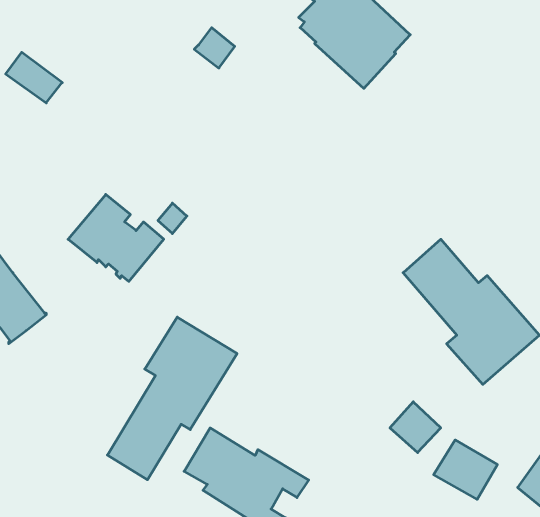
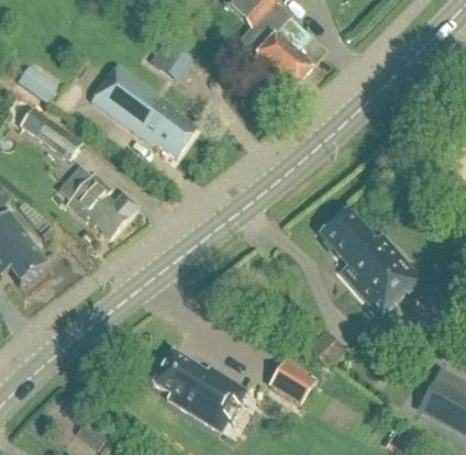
building: none -> [93,65,198,157]
building: none -> [19,106,84,160]
building: [107,317,237,480] -> none
building: [434,440,497,499] -> [268,358,317,403]

